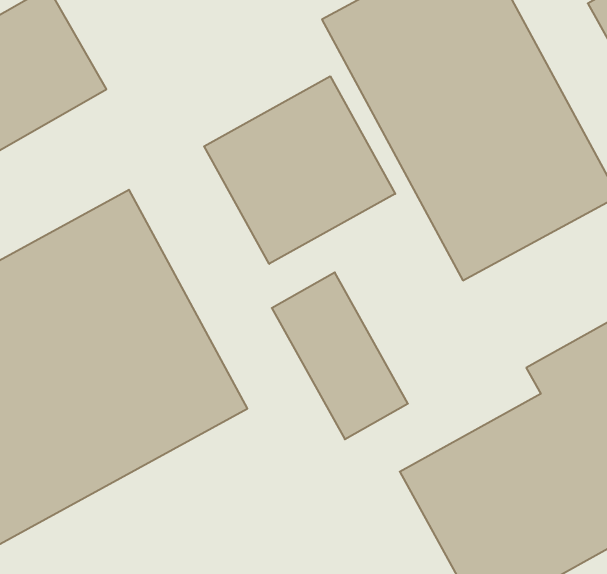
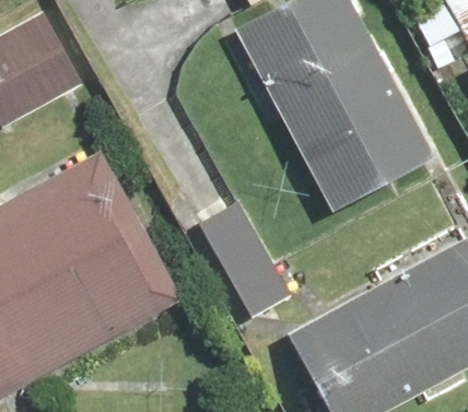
building: [204,76,395,264] -> none

